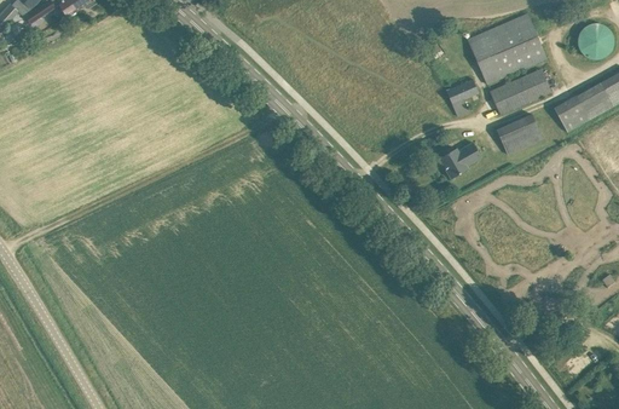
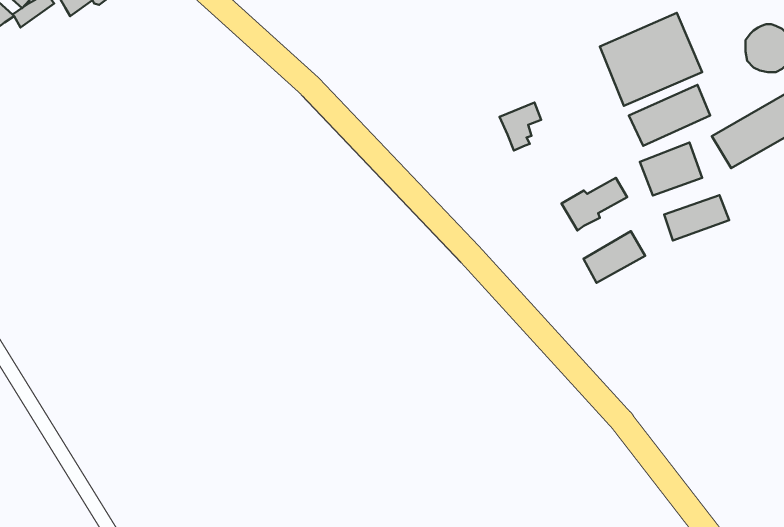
building: [445,80,476,116] -> [499,102,541,150]
building: none -> [664,195,729,241]
building: none -> [583,231,645,283]

